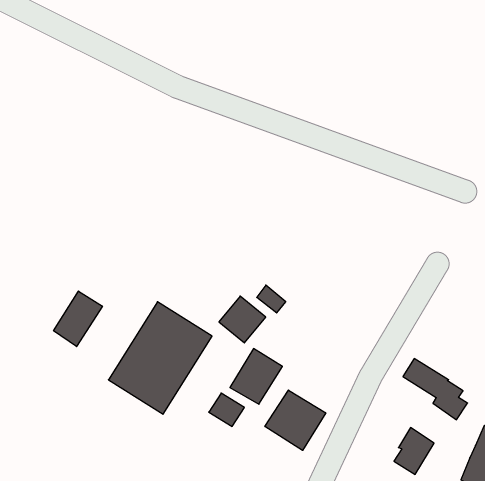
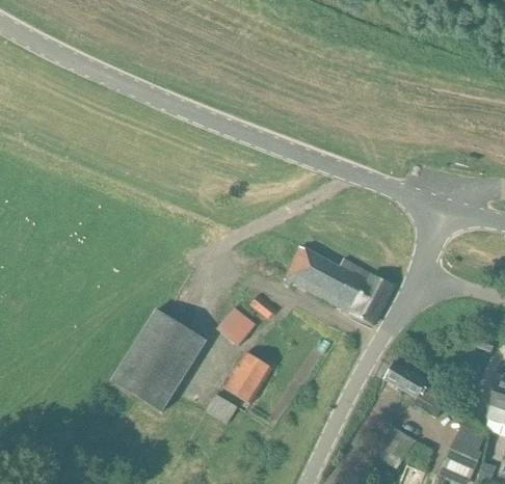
building: none -> [285,246,393,323]
building: [54,291,102,347] -> none
building: [265,390,326,450] -> none

